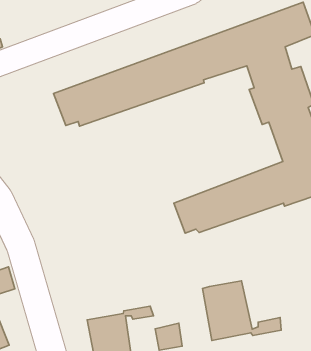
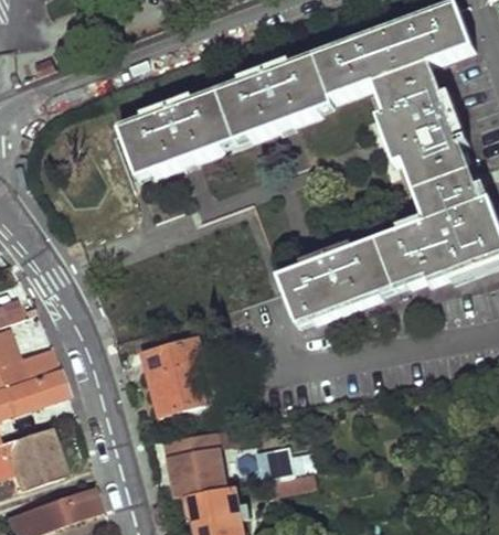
building: none -> [139,334,203,411]
building: [203,281,281,341] -> none

